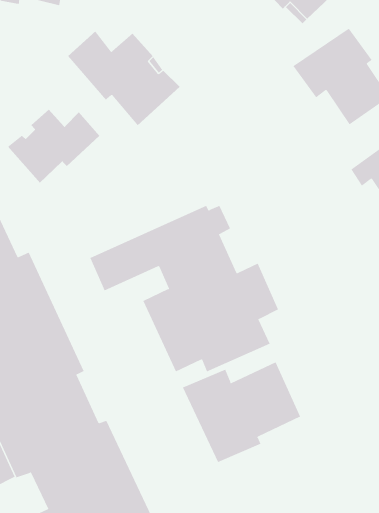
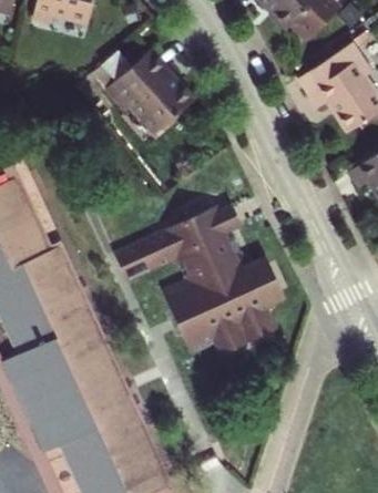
building: [7,109,100,184] -> none
building: [182,362,301,463] -> none

